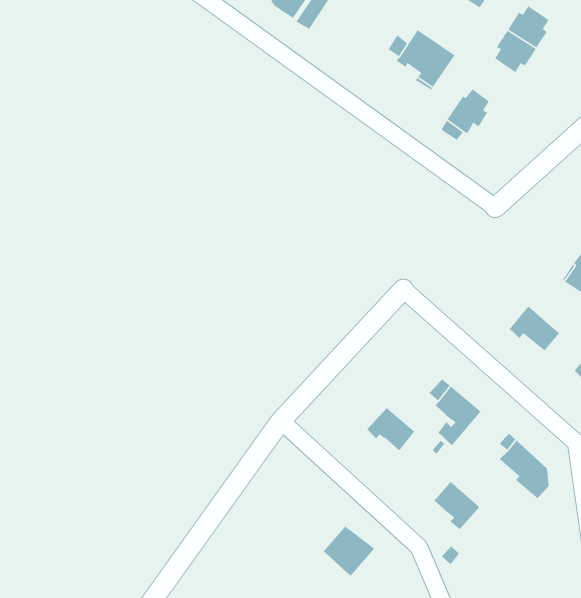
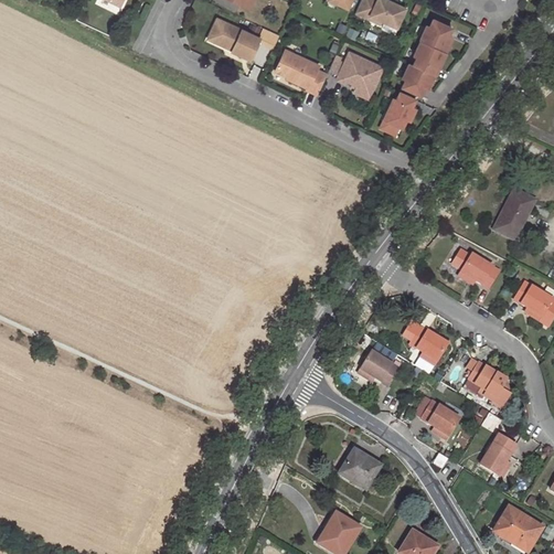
building: none -> [275,50,327,94]
building: none -> [402,62,434,95]
building: none -> [481,437,515,477]

